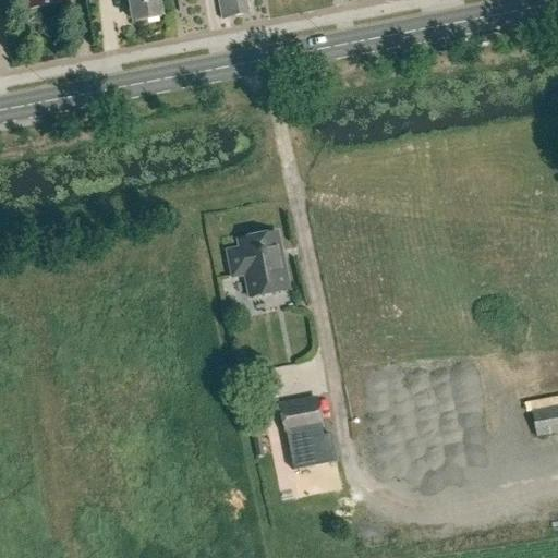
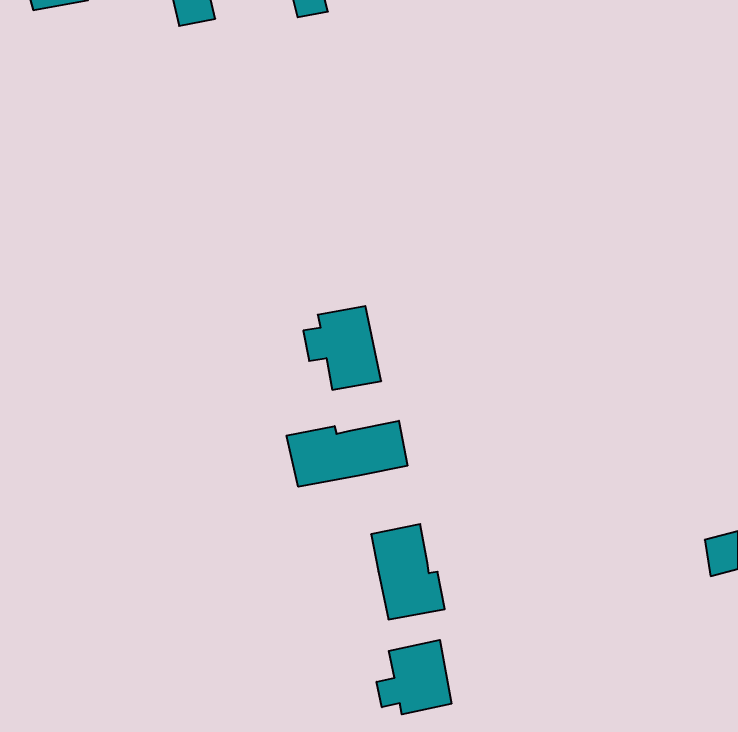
building: none -> [287,421,407,487]
building: none -> [377,640,451,714]

